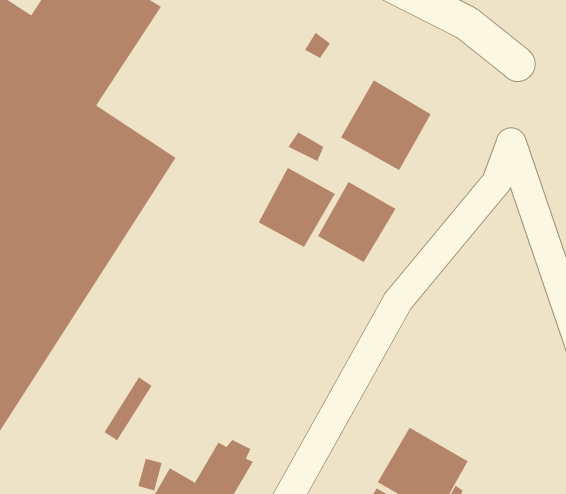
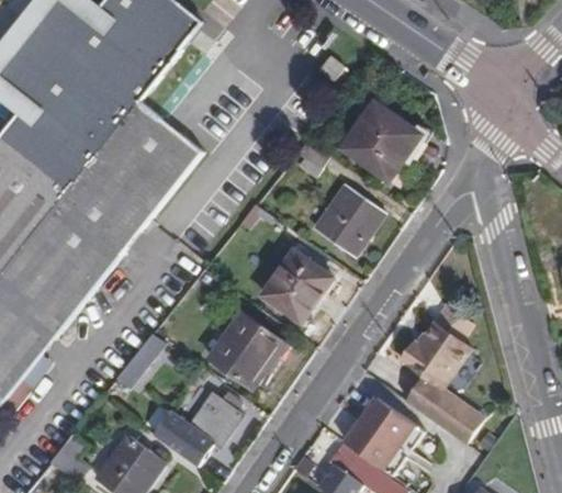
building: [258,167,336,248] -> [263,250,331,320]
building: none -> [402,309,481,444]
building: none -> [210,311,284,386]

